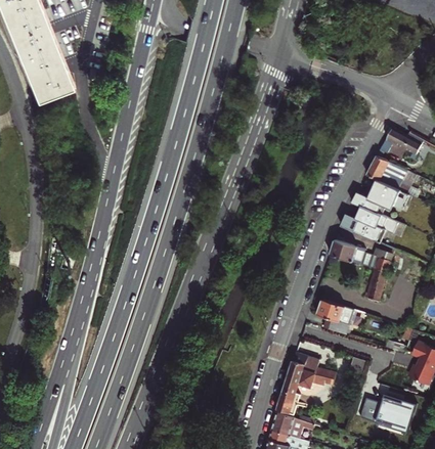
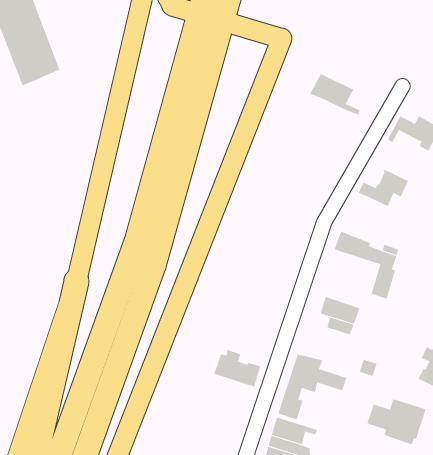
building: [366,155,415,195] -> [310,73,361,116]
building: [341,207,397,242] -> none
building: none -> [214,349,261,388]

